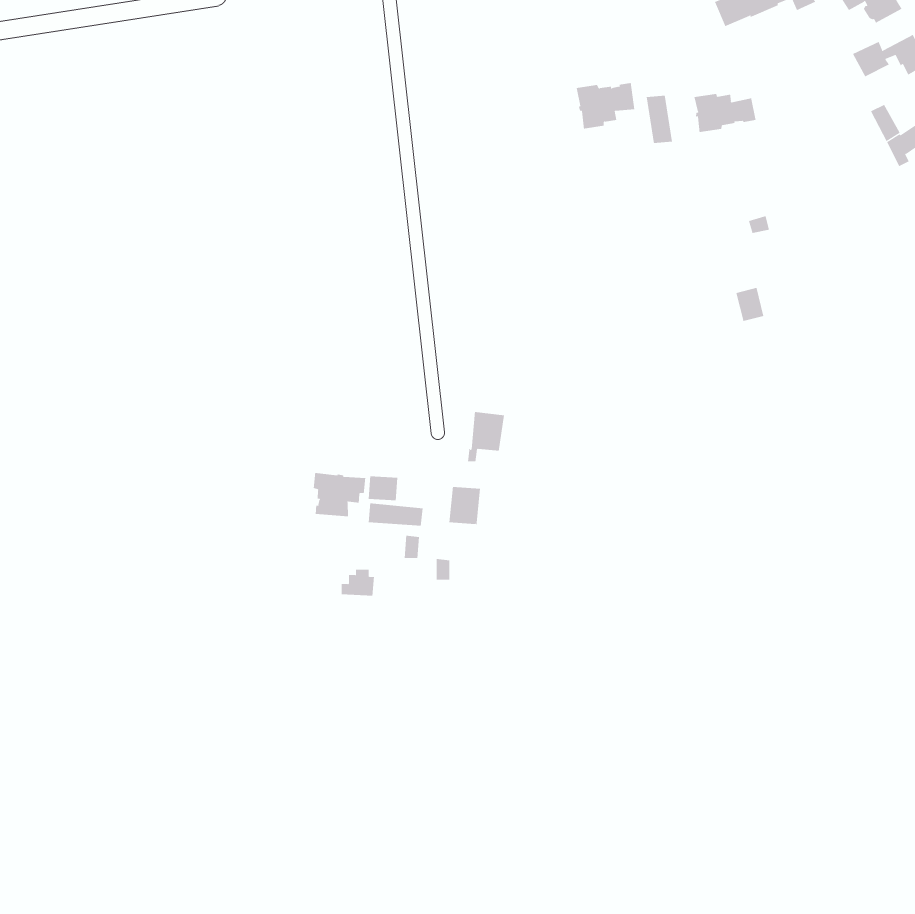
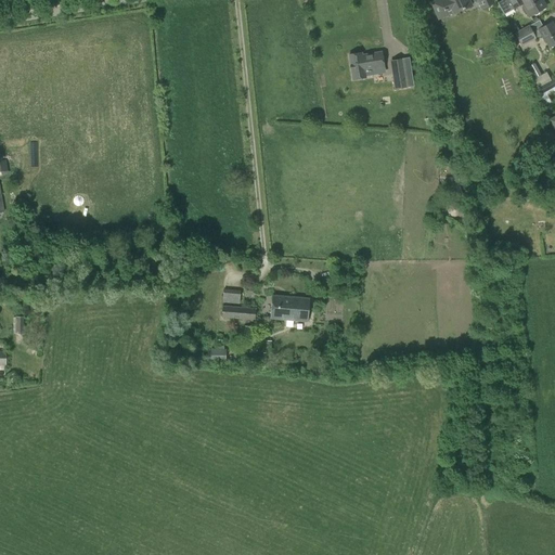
building: [694,93,756,133] -> none
building: [467,412,505,462] -> [287,295,310,325]
building: [313,472,366,517] -> none

